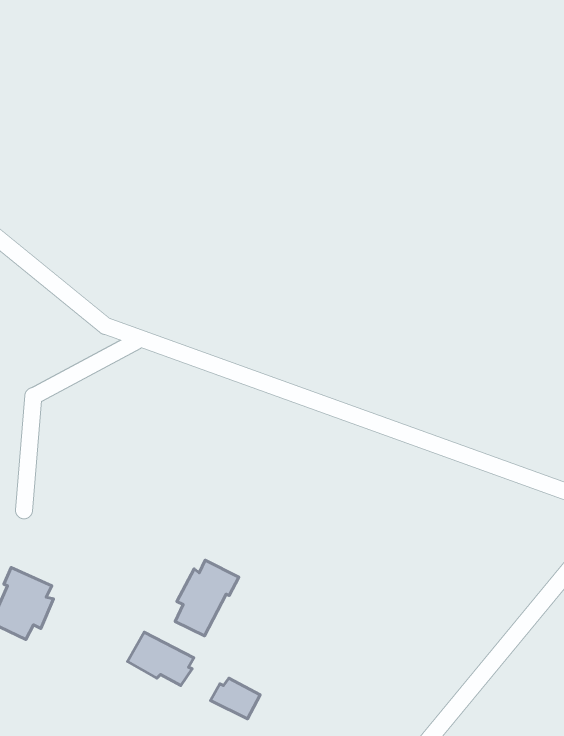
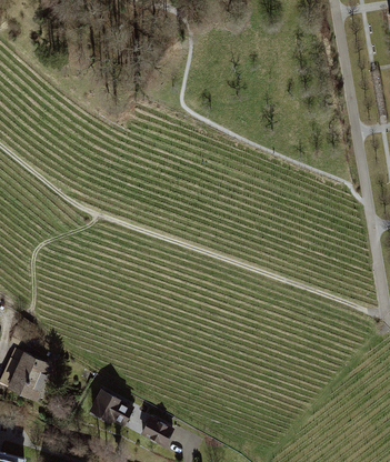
building: [175,560,239,636] -> none

